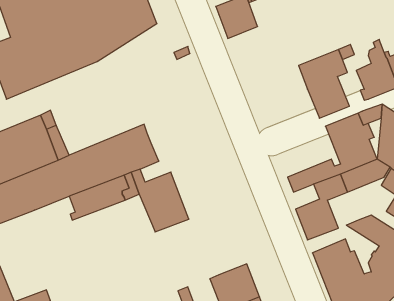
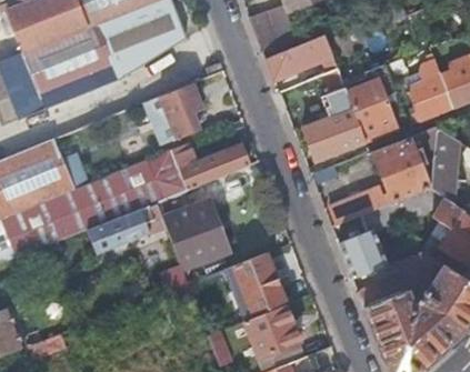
building: none -> [266,36,332,80]
building: none -> [303,69,366,162]
building: none -> [143,83,201,144]
building: none -> [170,143,248,190]
building: none -> [232,253,284,316]

